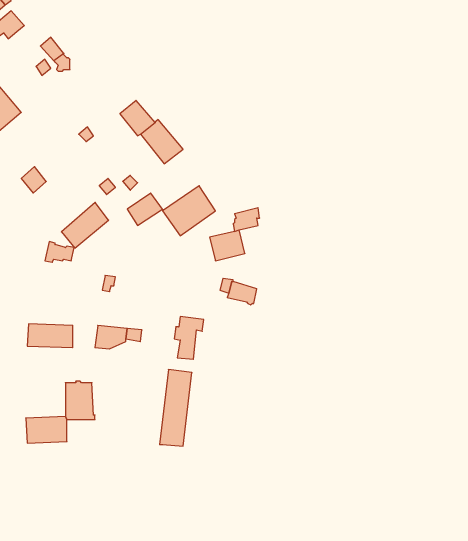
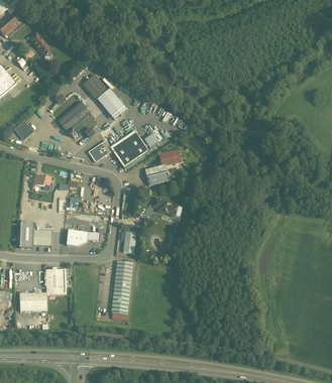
building: [61,202,109,248] -> [58,101,90,132]

